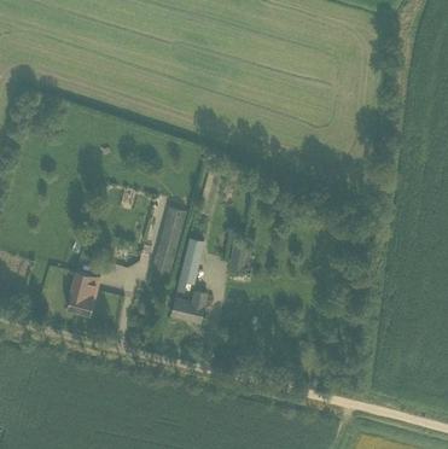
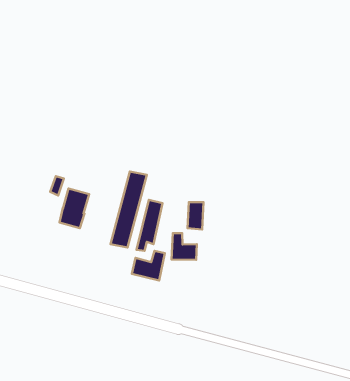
building: [66,270,98,313] -> [60,189,89,228]
building: none -> [172,233,197,260]

